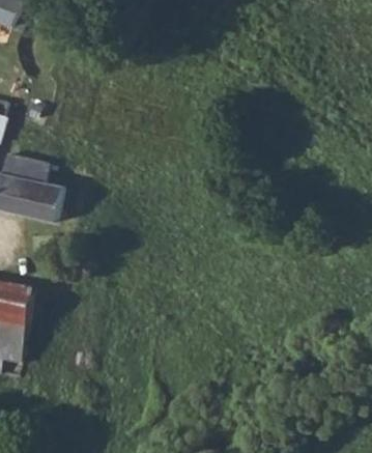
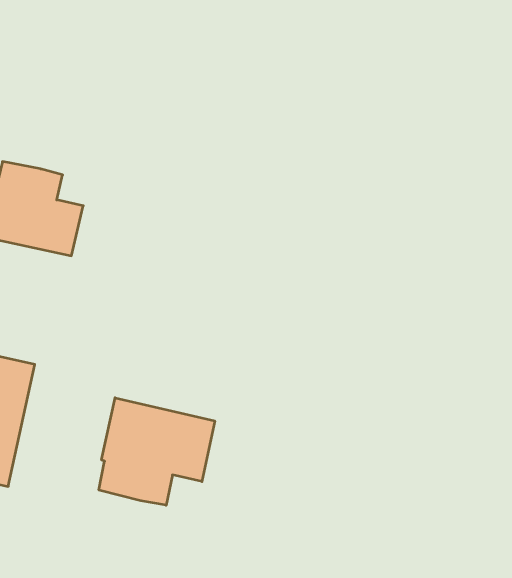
building: none -> [99,398,215,505]

